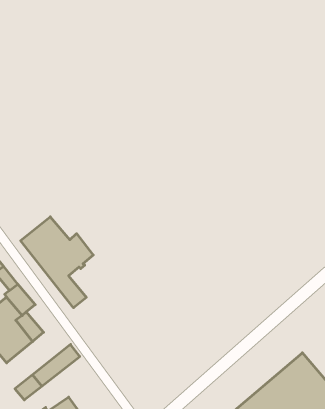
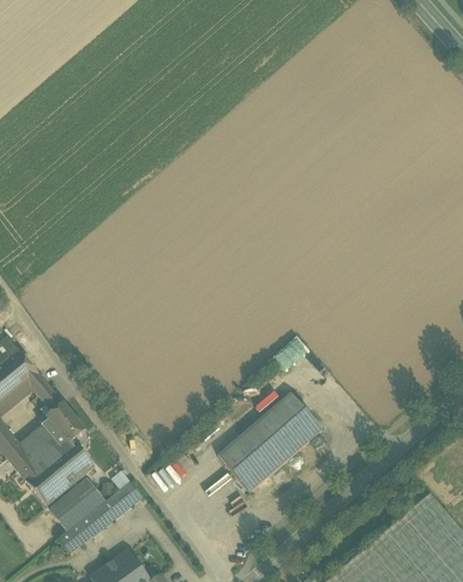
building: [21,217,93,308] -> none
building: none -> [218,392,321,491]
building: none -> [50,480,102,529]

